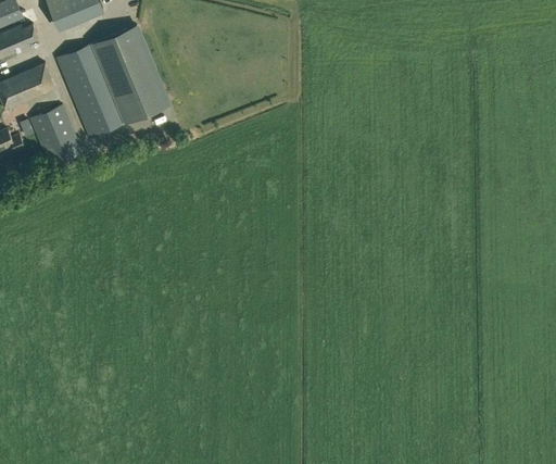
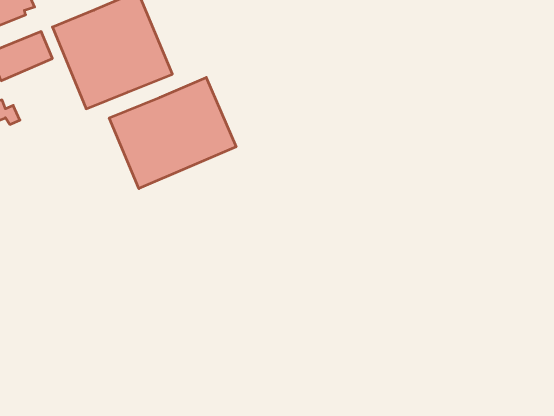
building: [28,105,81,170] -> none
building: none -> [109,77,236,189]

